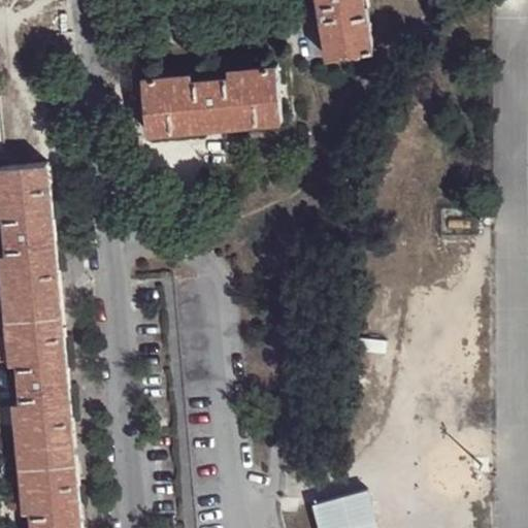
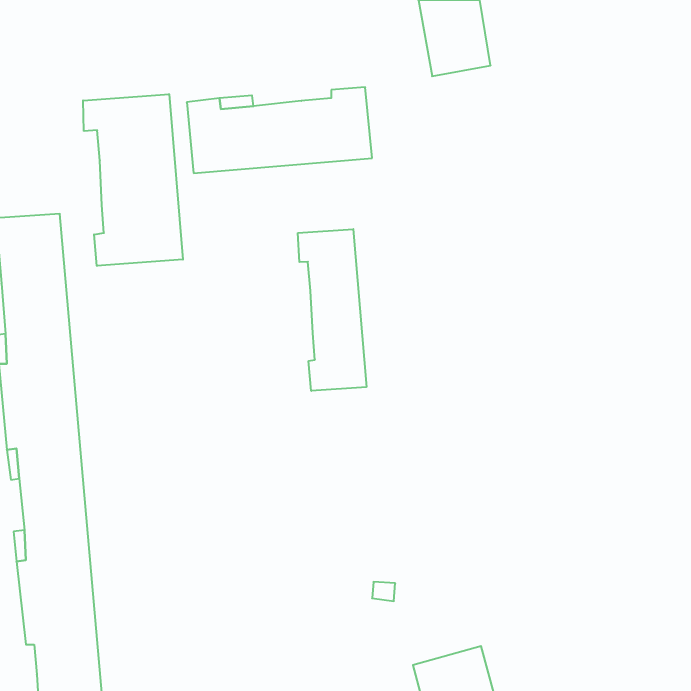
building: none -> [83,94,183,266]
building: none -> [298,229,366,391]

